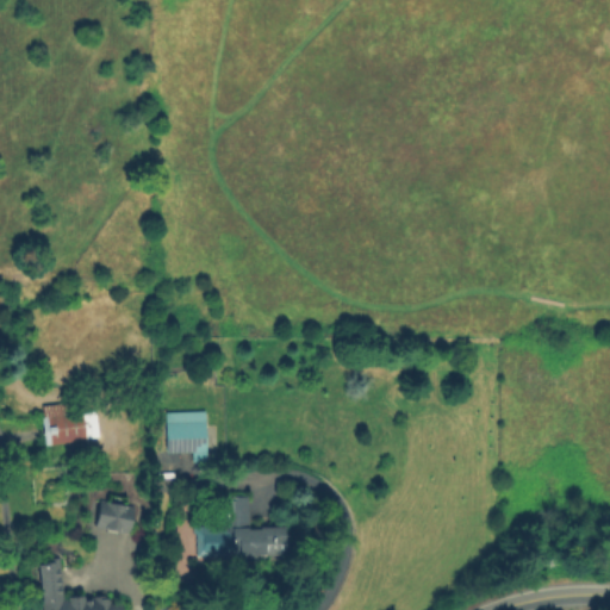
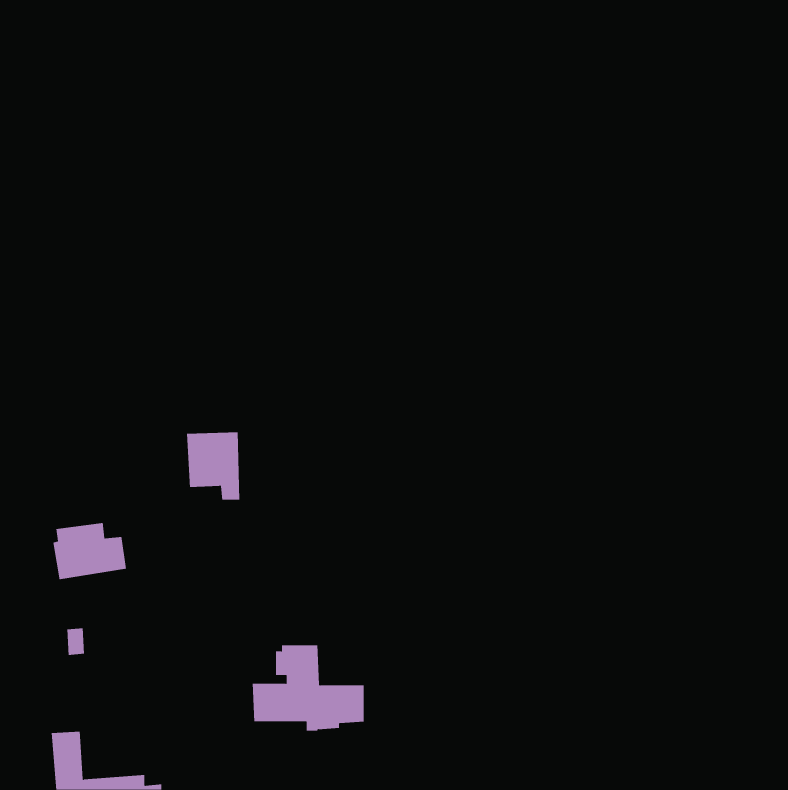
building: [166,411,207,463] -> [186,432,240,500]
building: [95,499,137,536] -> none

